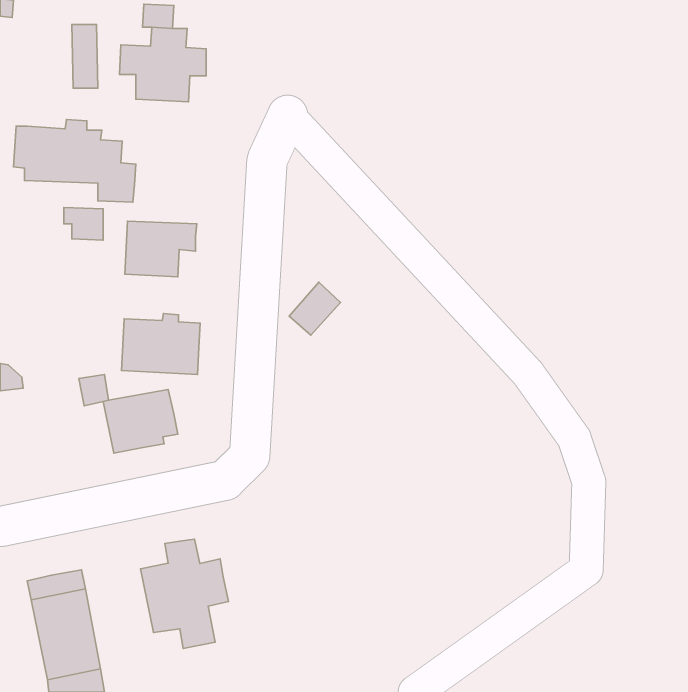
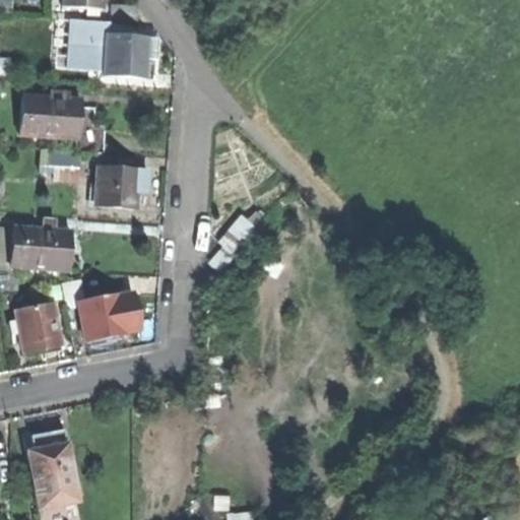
building: [121,314,200,375] -> [13,223,72,269]
building: none -> [12,303,63,351]
building: [140,539,228,648] -> none

